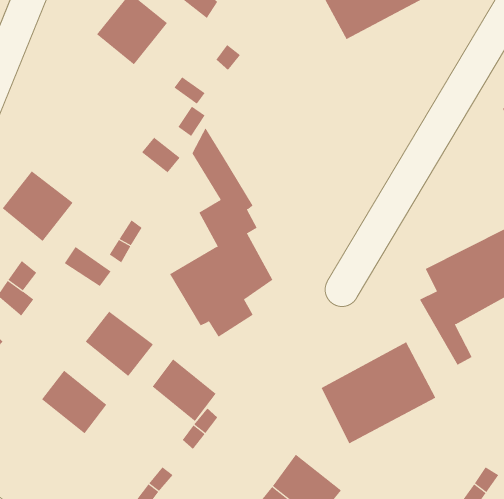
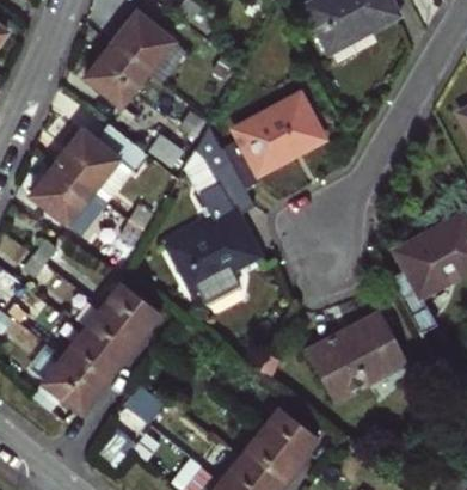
building: none -> [87,48,143,104]
building: none -> [220,93,321,194]
building: none -> [56,128,147,204]
building: [152,359,216,422] -> [84,310,139,363]
building: none -> [37,359,102,422]

